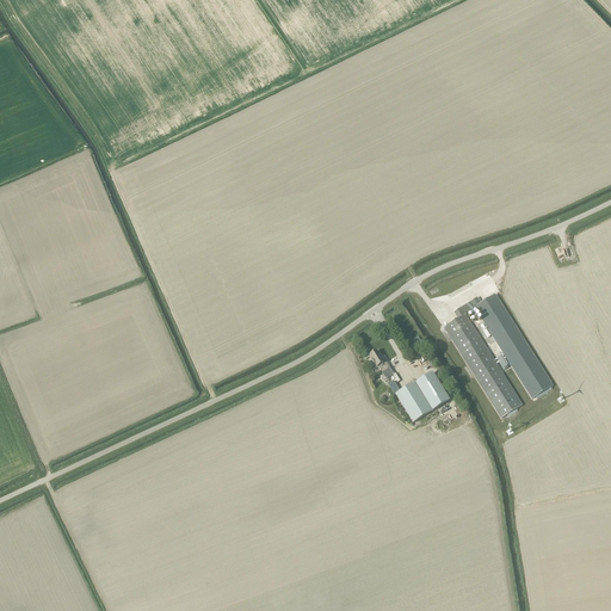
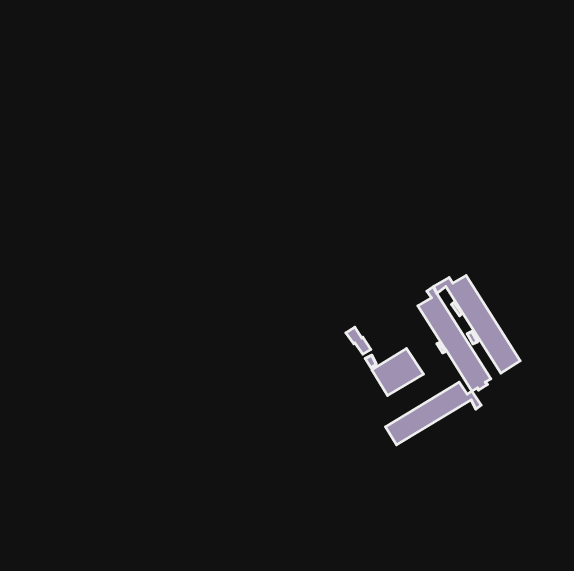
building: none -> [386,382,481,445]

